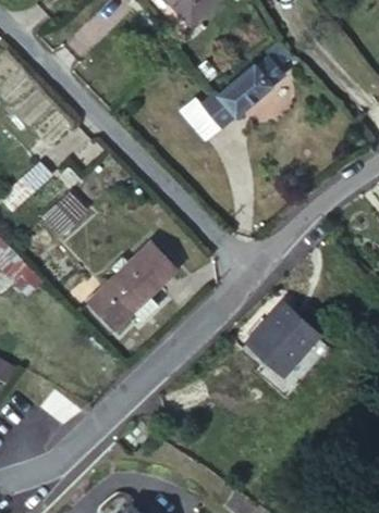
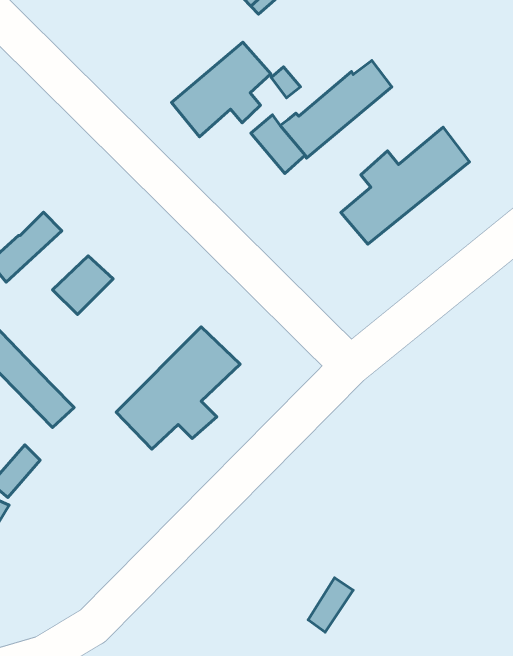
building: none -> [172,42,271,137]
building: none -> [341,127,470,244]
building: [246,301,319,375] -> none

